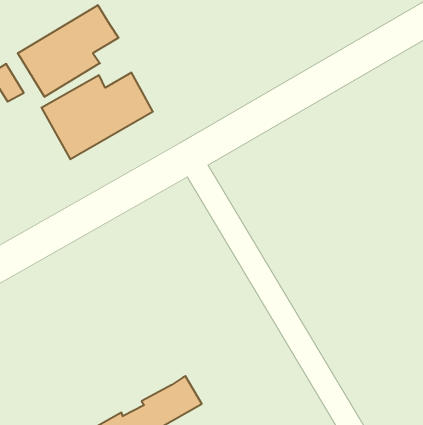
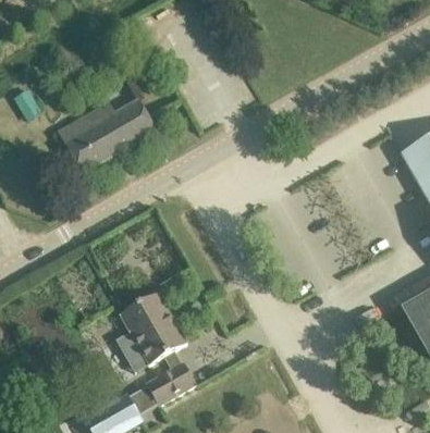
building: [18,5,118,97] -> none
building: none -> [121,290,188,369]

